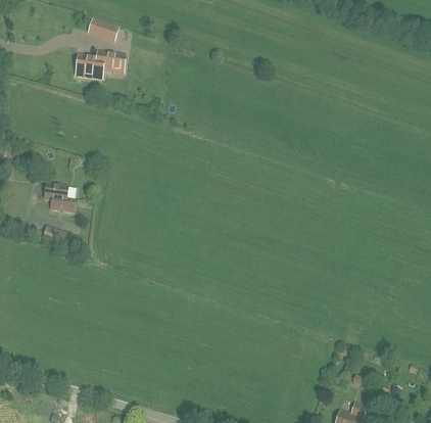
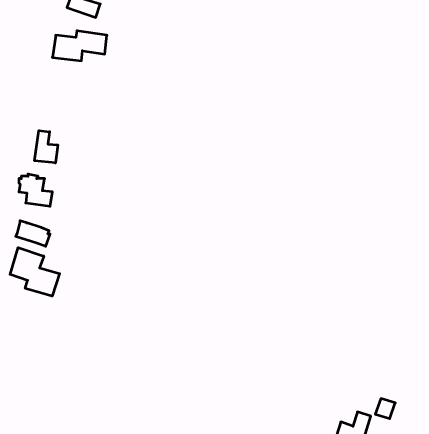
building: none -> [35,131,58,163]
building: none -> [10,248,60,296]

